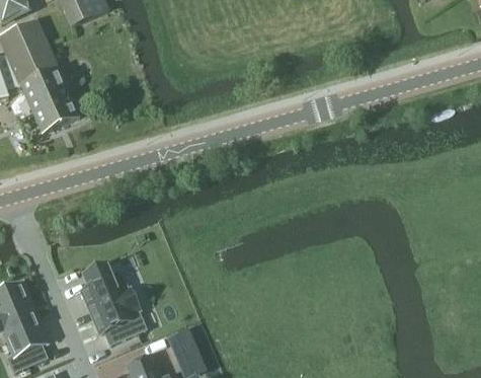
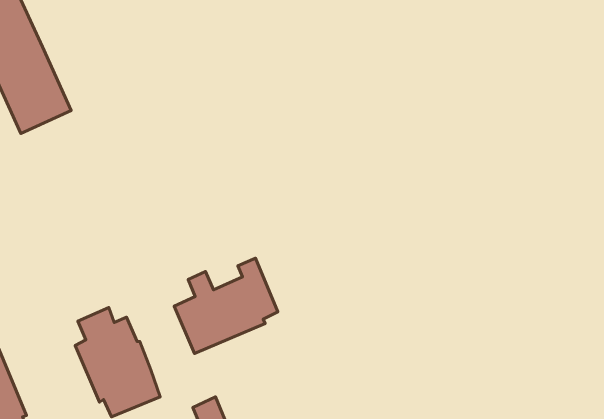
building: none -> [174,258,278,354]

